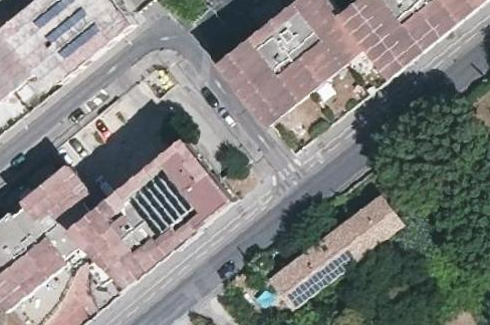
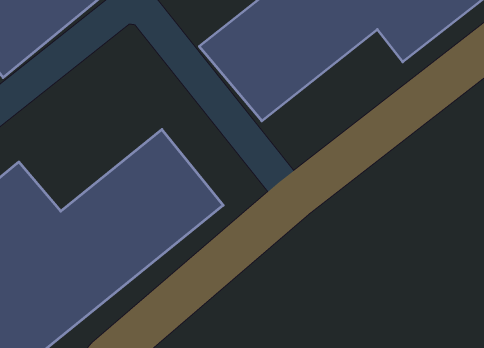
building: [263,201,393,310] -> none

